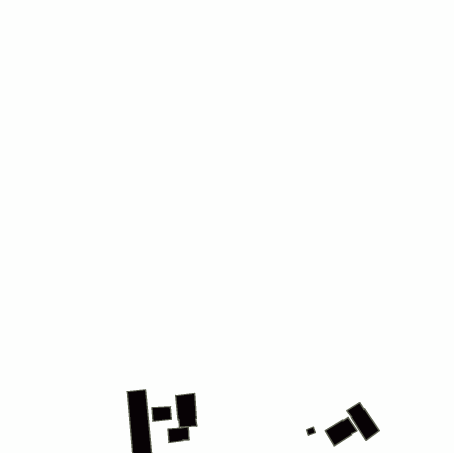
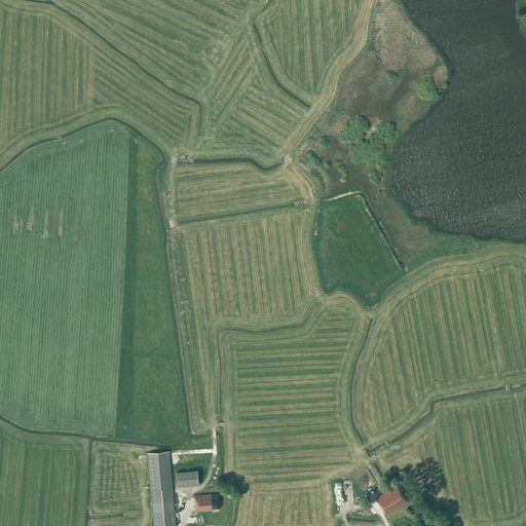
building: [176,393,197,427] -> none
building: [347,403,379,440] -> none

